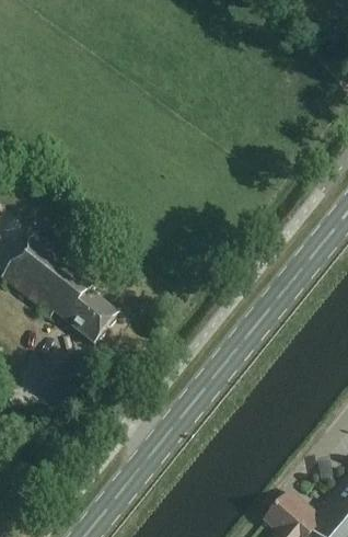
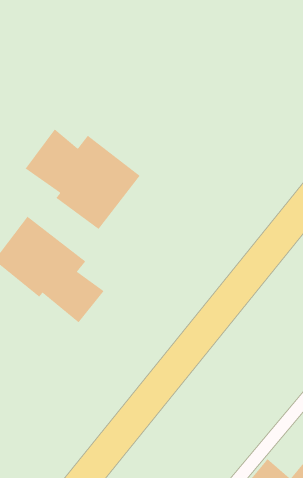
building: none -> [25,129,141,230]

